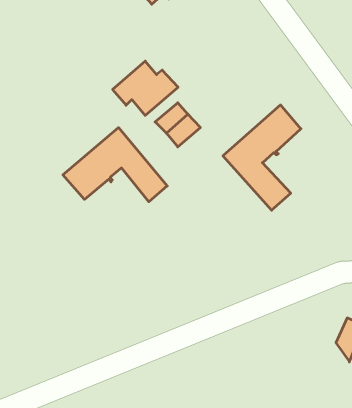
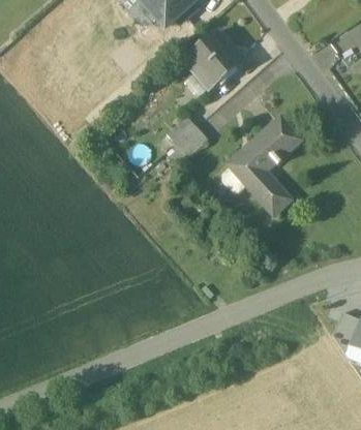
building: [113,61,178,115] -> [183,33,243,83]
building: [63,128,167,202] -> none

